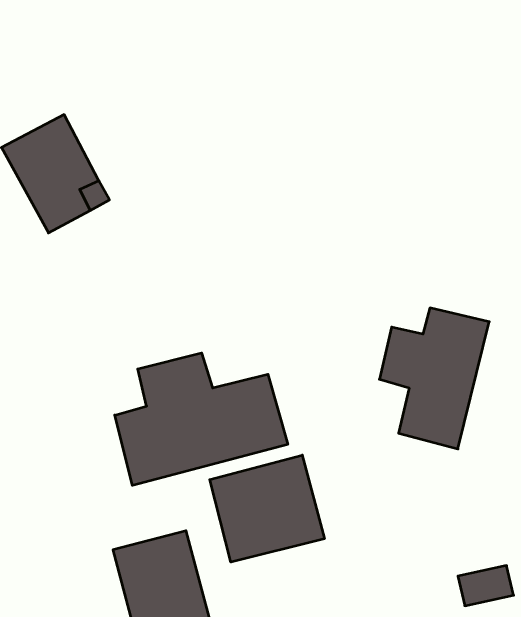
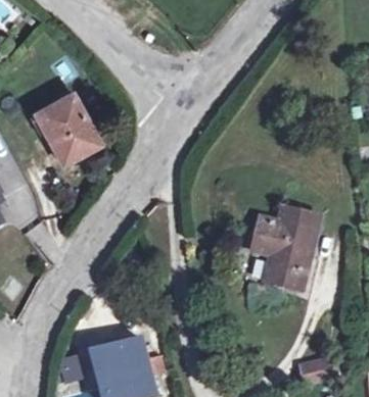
building: [115,353,288,485] -> none
building: [210,455,324,562] -> none

